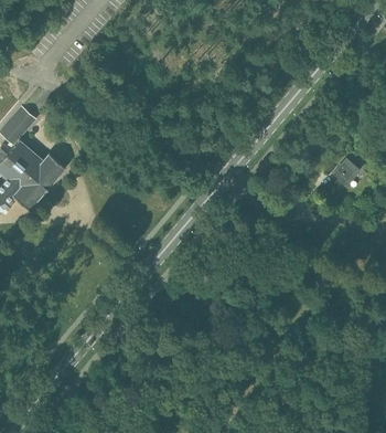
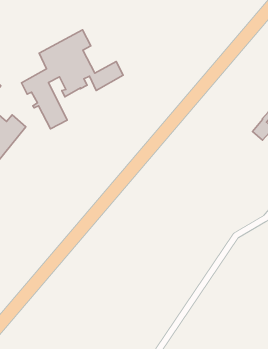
building: none -> [22,30,123,129]

